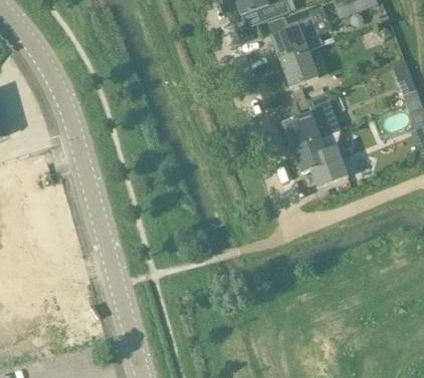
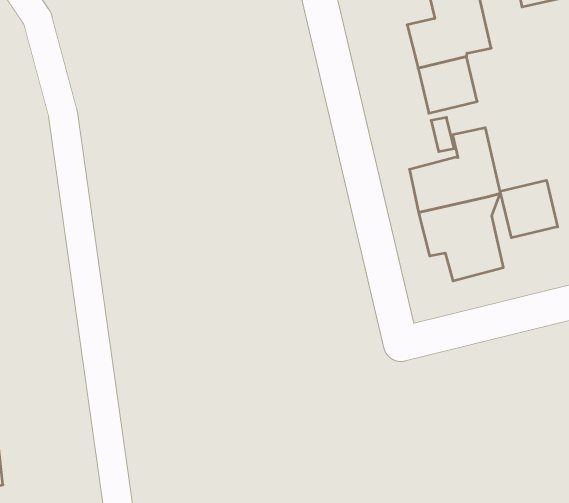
building: none -> [500,180,558,238]

